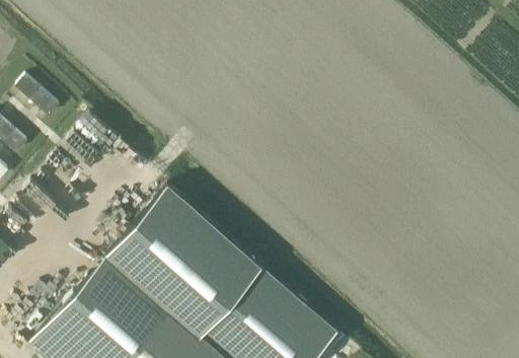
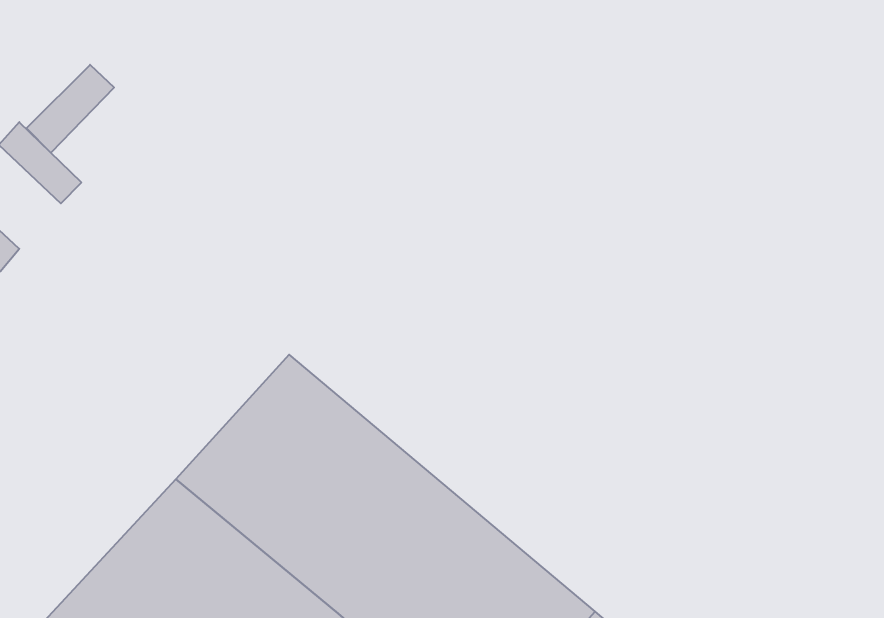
building: none -> [27,65,114,153]

